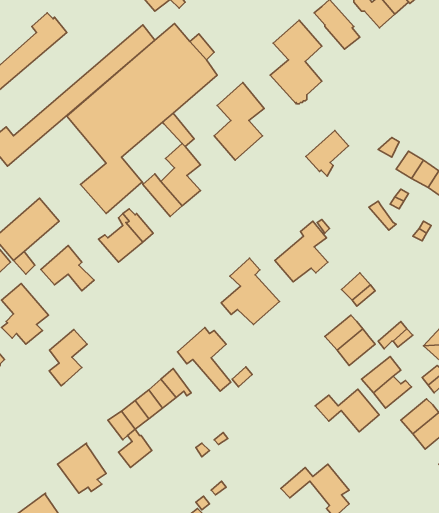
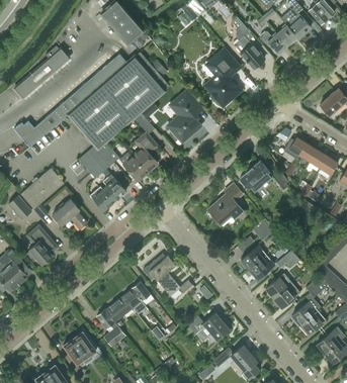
building: [306,131,348,176] -> [240,161,268,191]
building: [221,258,280,325] -> none
building: [49,329,87,386] -> none
building: [315,389,379,432] -> [187,312,230,341]

